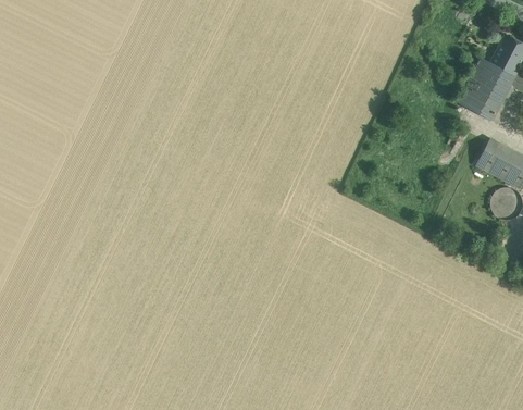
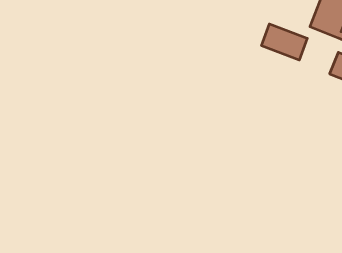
building: none -> [262,24,307,60]

